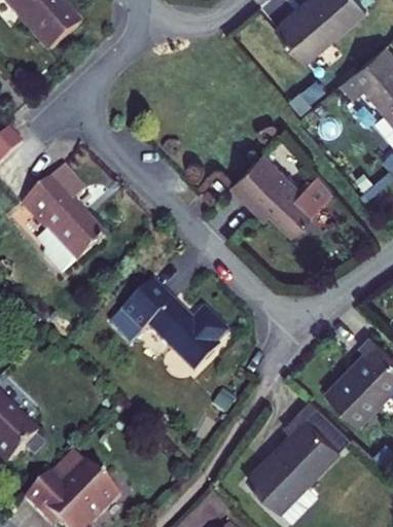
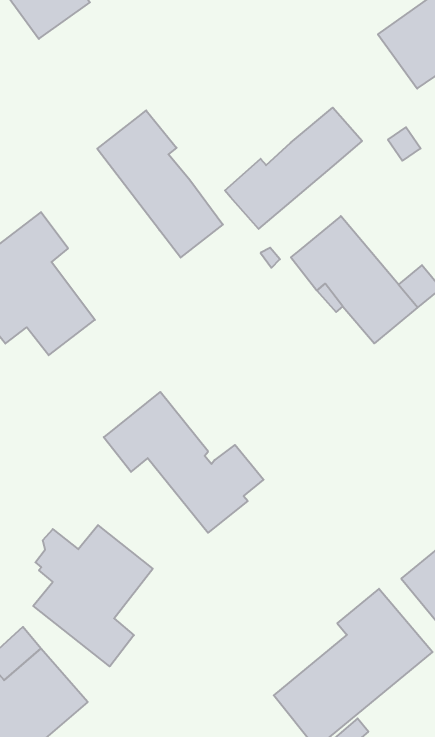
building: none -> [225,108,362,229]
building: none -> [97,110,223,258]
building: none -> [33,525,153,666]

